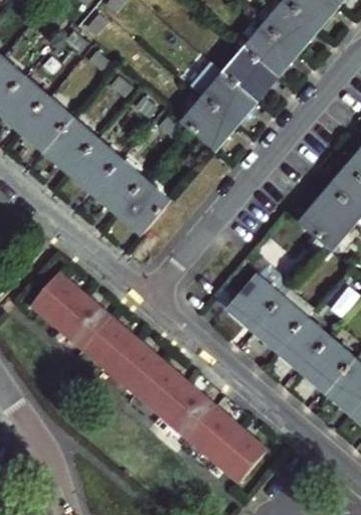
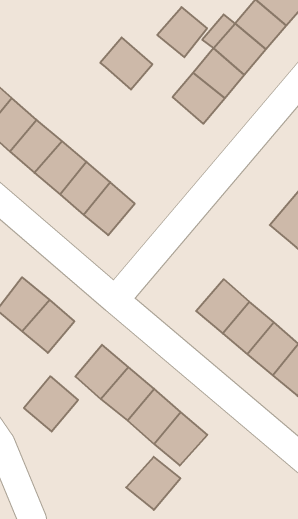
building: none -> [157,7,207,57]
building: [184,97,235,148] -> [100,37,152,90]
building: [82,317,136,371] -> [24,376,78,432]
building: [212,428,265,481] -> [126,457,180,510]

